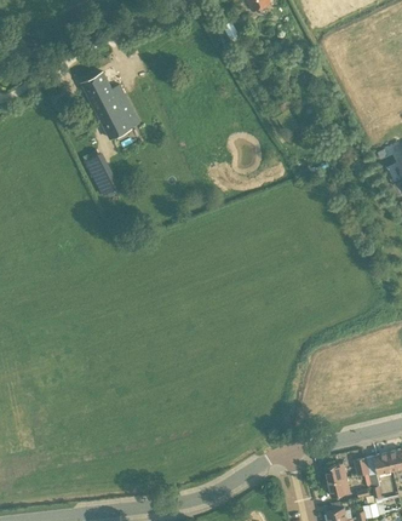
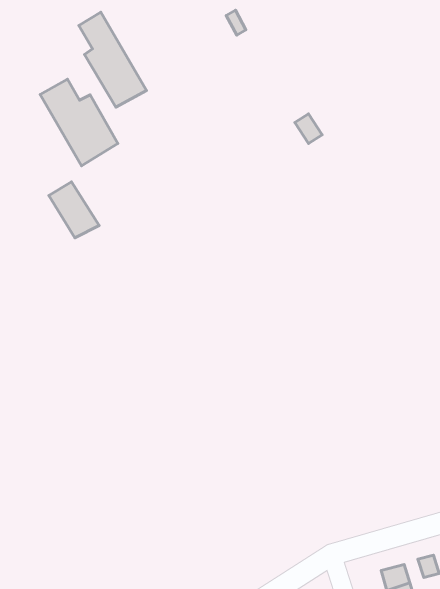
building: none -> [79,12,147,107]

